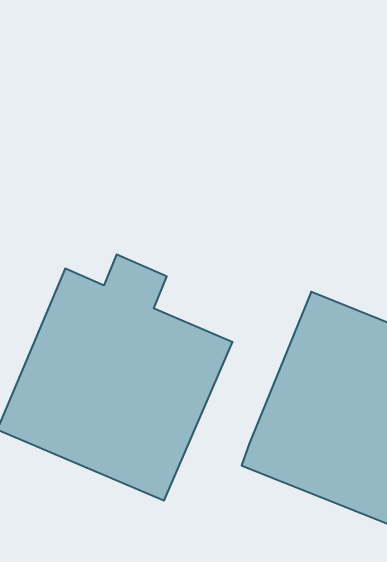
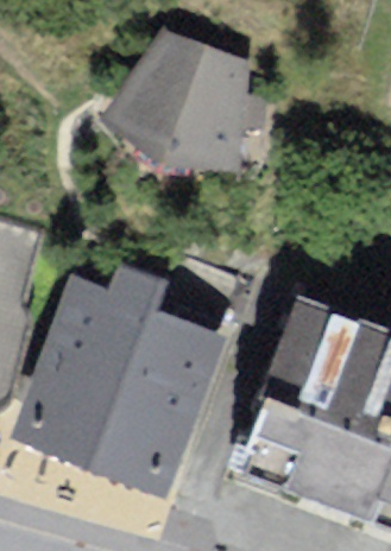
building: none -> [102,34,245,177]

